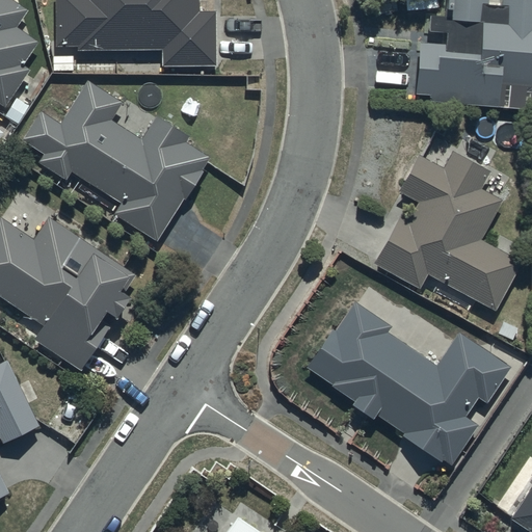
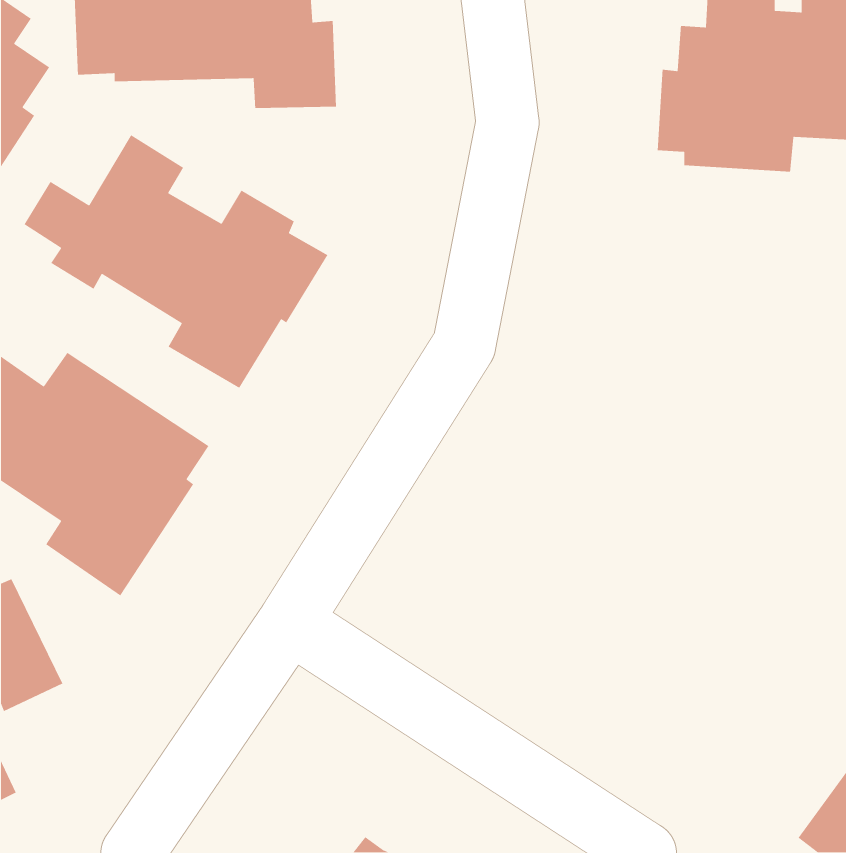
building: [371,151,523,312] -> none
building: [305,301,508,468] -> none

